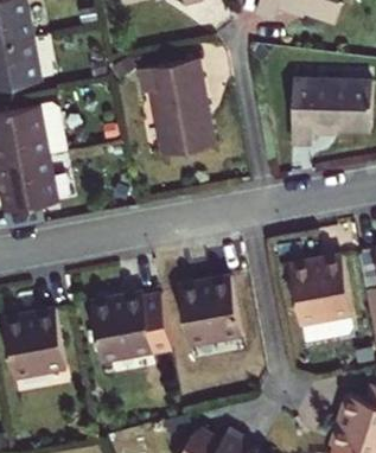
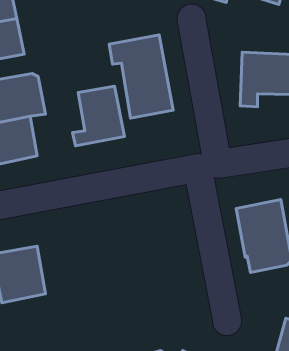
building: none -> [73,86,124,146]
building: [176,274,238,340] -> none
building: [88,291,170,357] -> none

